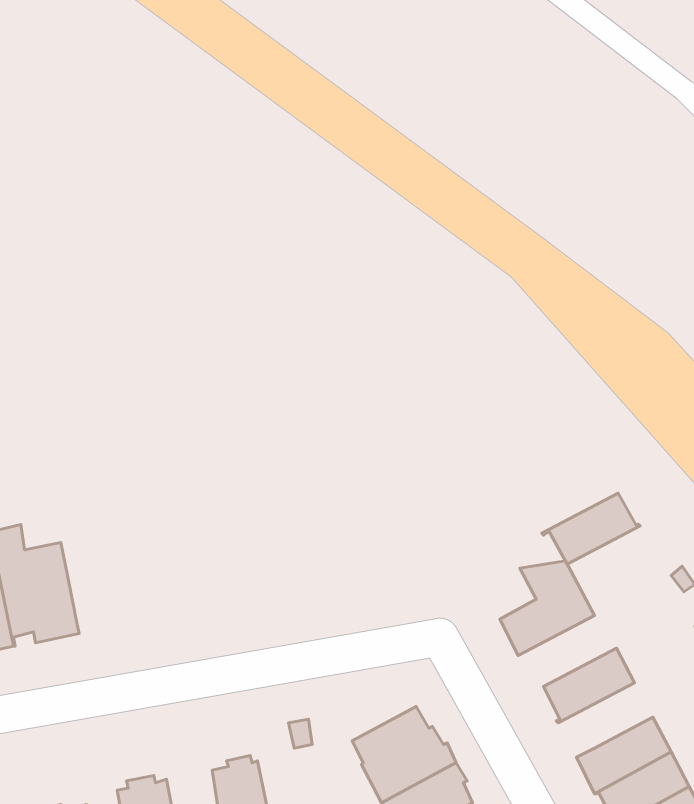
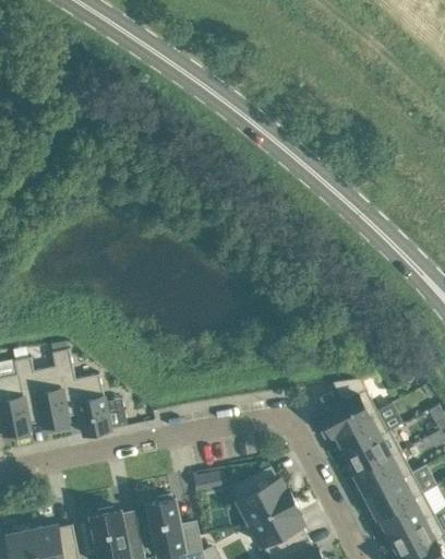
building: [542,493,640,564] -> [330,413,389,455]
building: none -> [53,350,110,437]
building: none -> [354,453,411,498]

